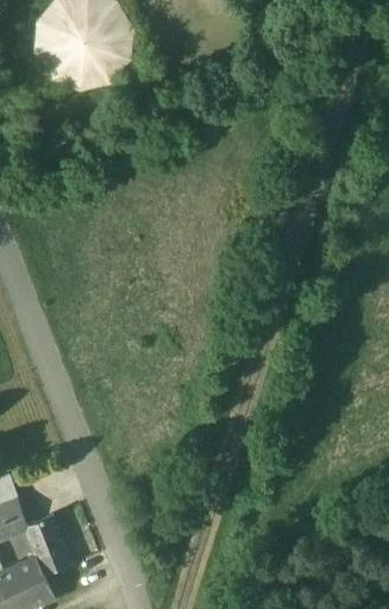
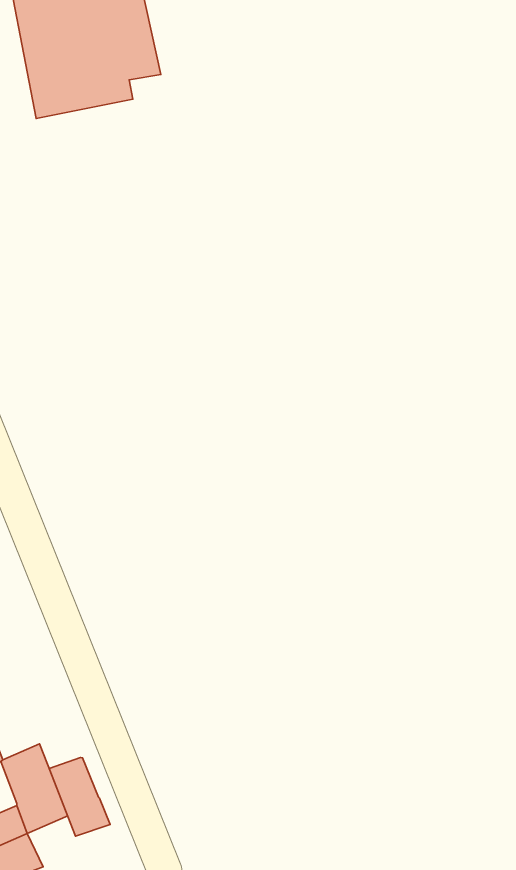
building: none -> [49,758,110,836]

